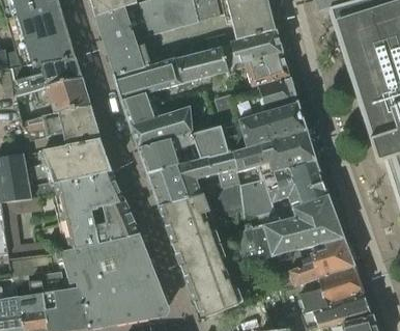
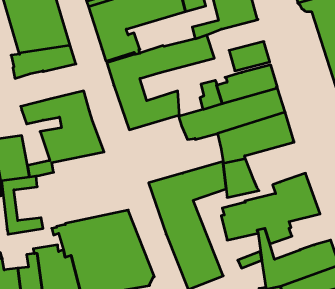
building: [222,29,283,75] -> none
building: [33,77,90,114] -> none
building: [139,132,239,204] -> none
building: [262,161,327,204] -> none
building: [56,171,139,248] -> none
building: [289,238,354,286] -> none

